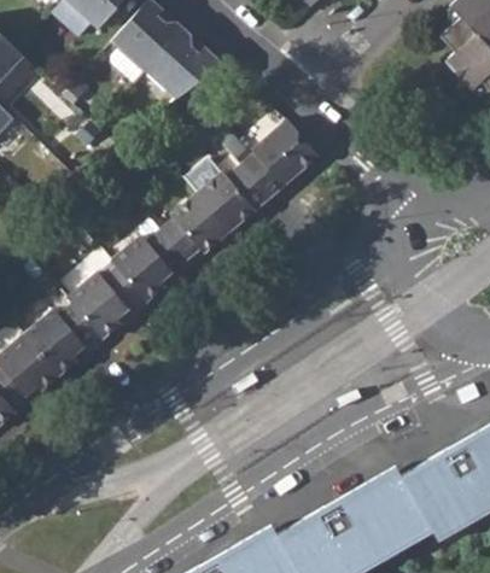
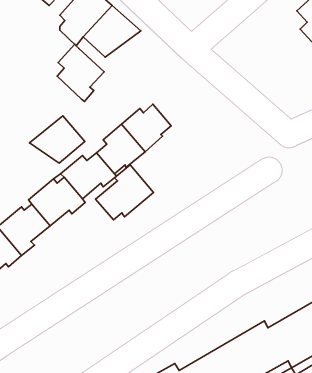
building: none -> [57,44,104,101]
building: [240,121,319,195] -> none
building: none -> [29,116,85,163]
building: none -> [96,165,154,220]

